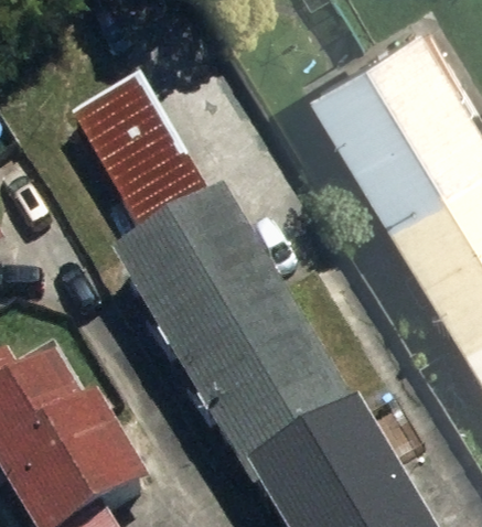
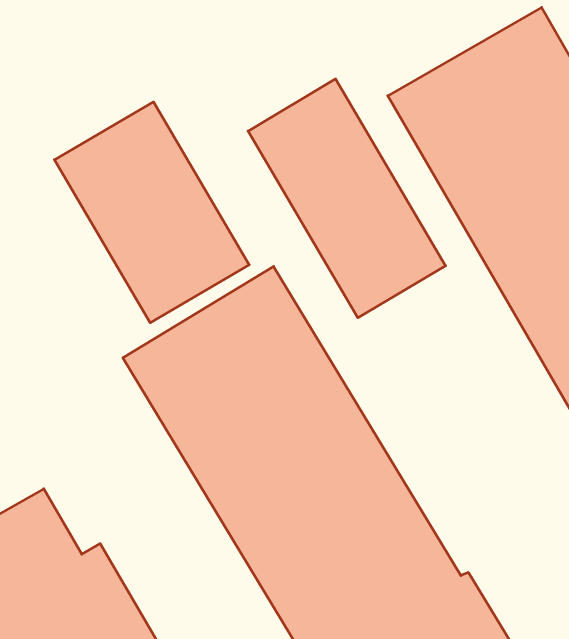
building: none -> [248,79,446,318]

